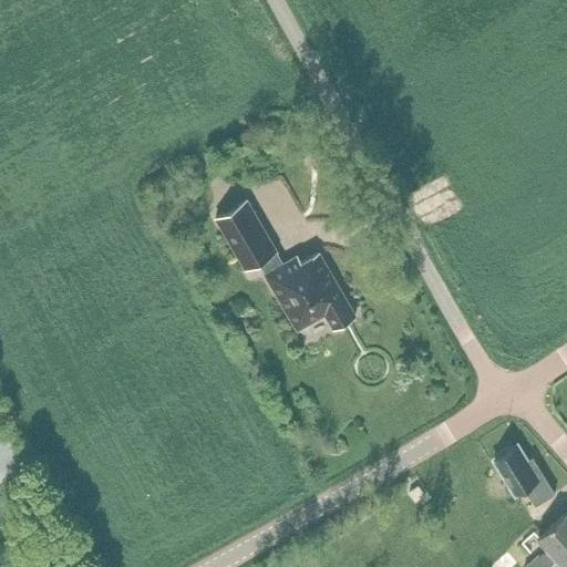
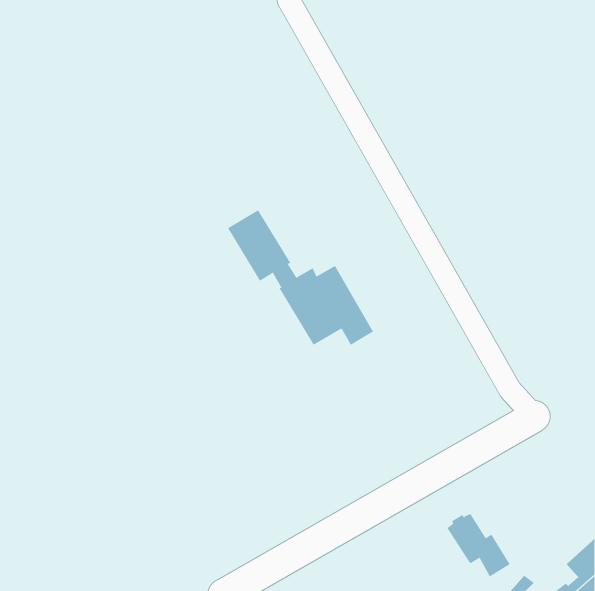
building: [494,447,555,508] -> [447,513,511,577]

